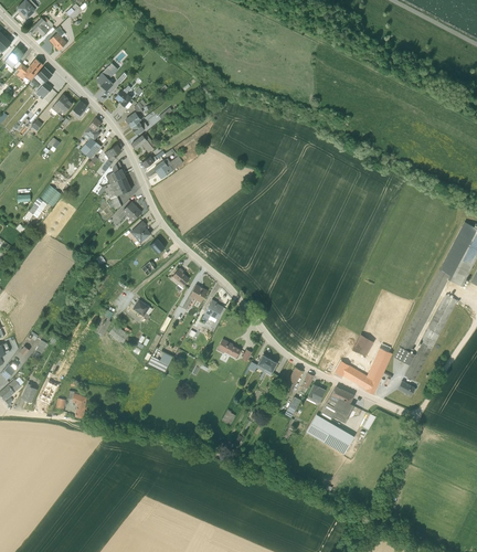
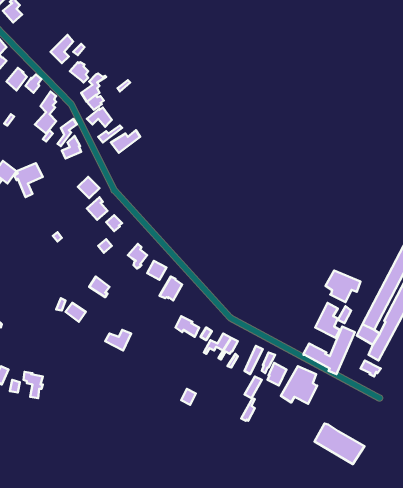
building: [104,177,131,210] -> [14,163,43,197]
building: none -> [325,270,360,302]
building: [306,413,354,453] -> [314,423,364,464]

